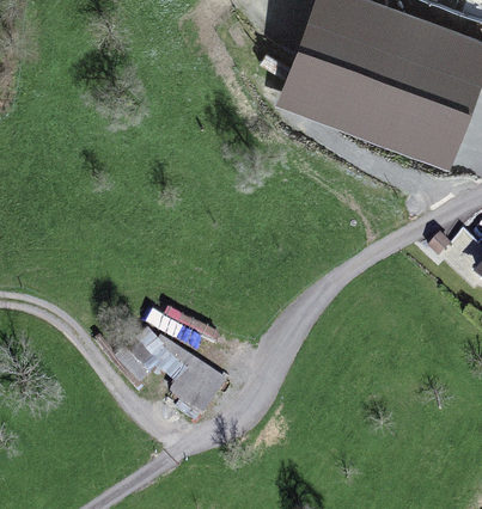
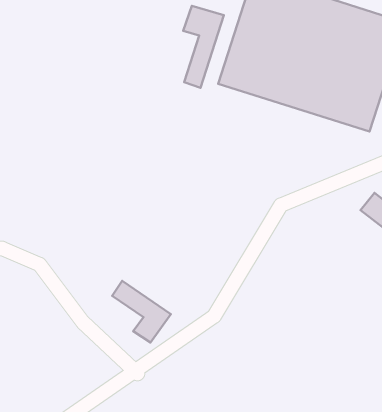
building: none -> [183,6,224,88]

